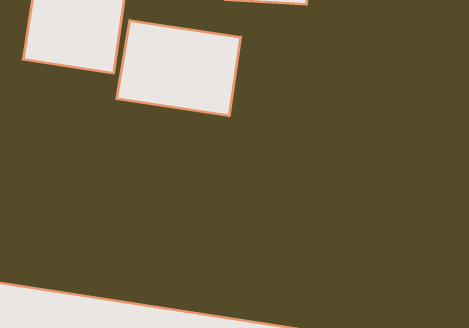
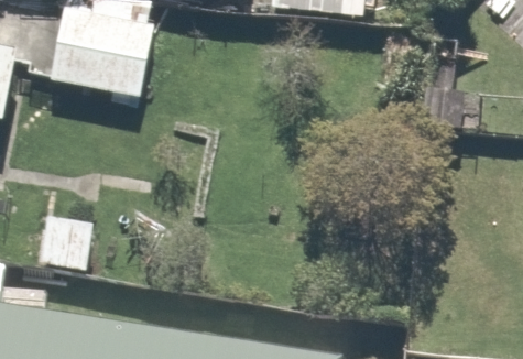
building: [117,20,241,116] -> none

